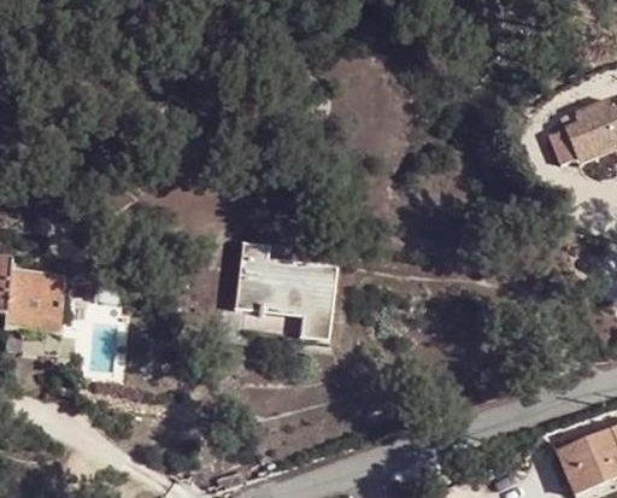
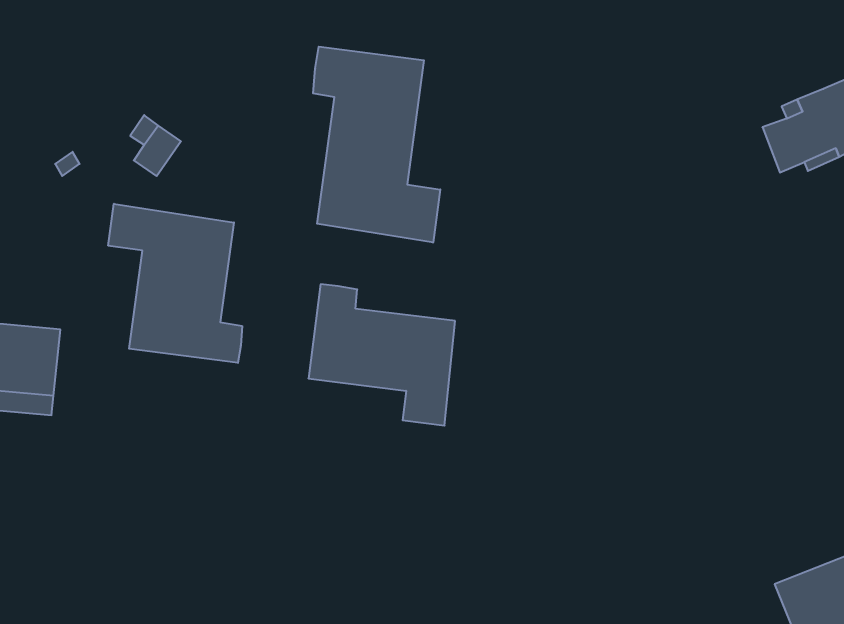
building: none -> [313,47,440,243]
building: none -> [108,204,242,363]

